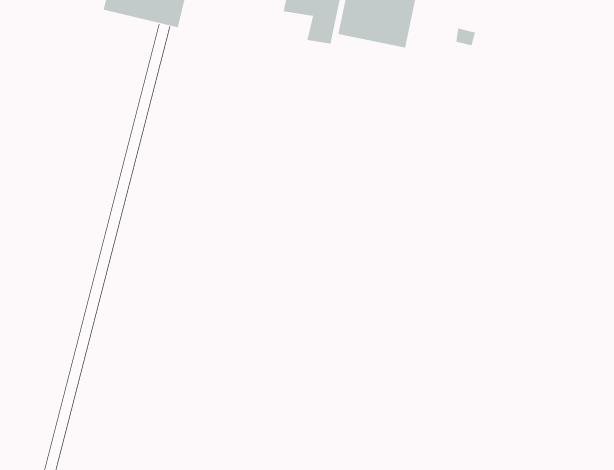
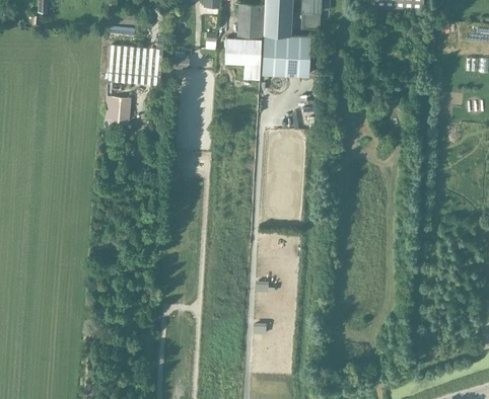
building: none -> [110,97,131,126]

